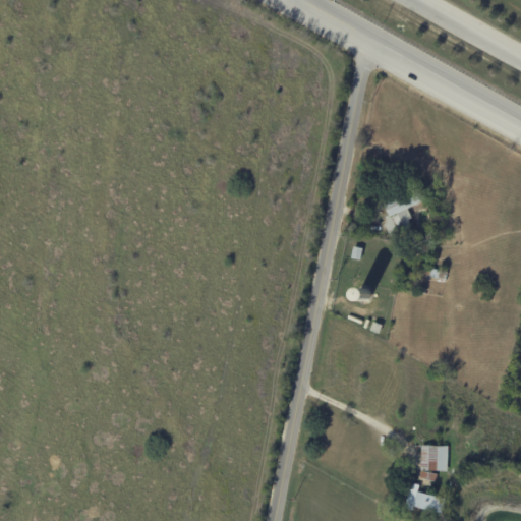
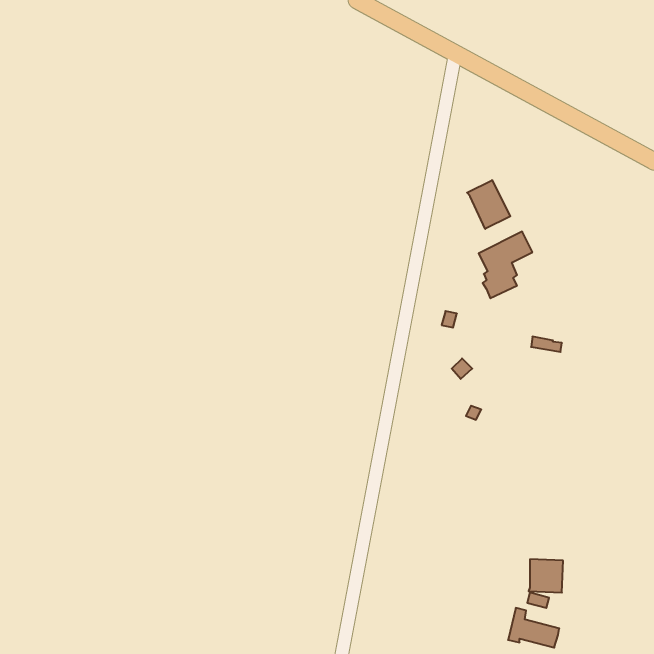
building: none -> [467,180,510,229]

